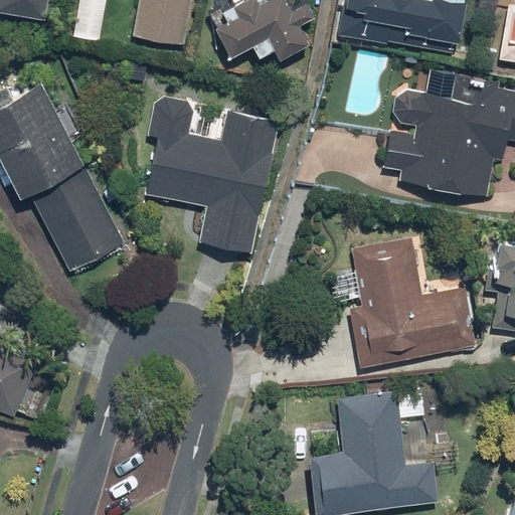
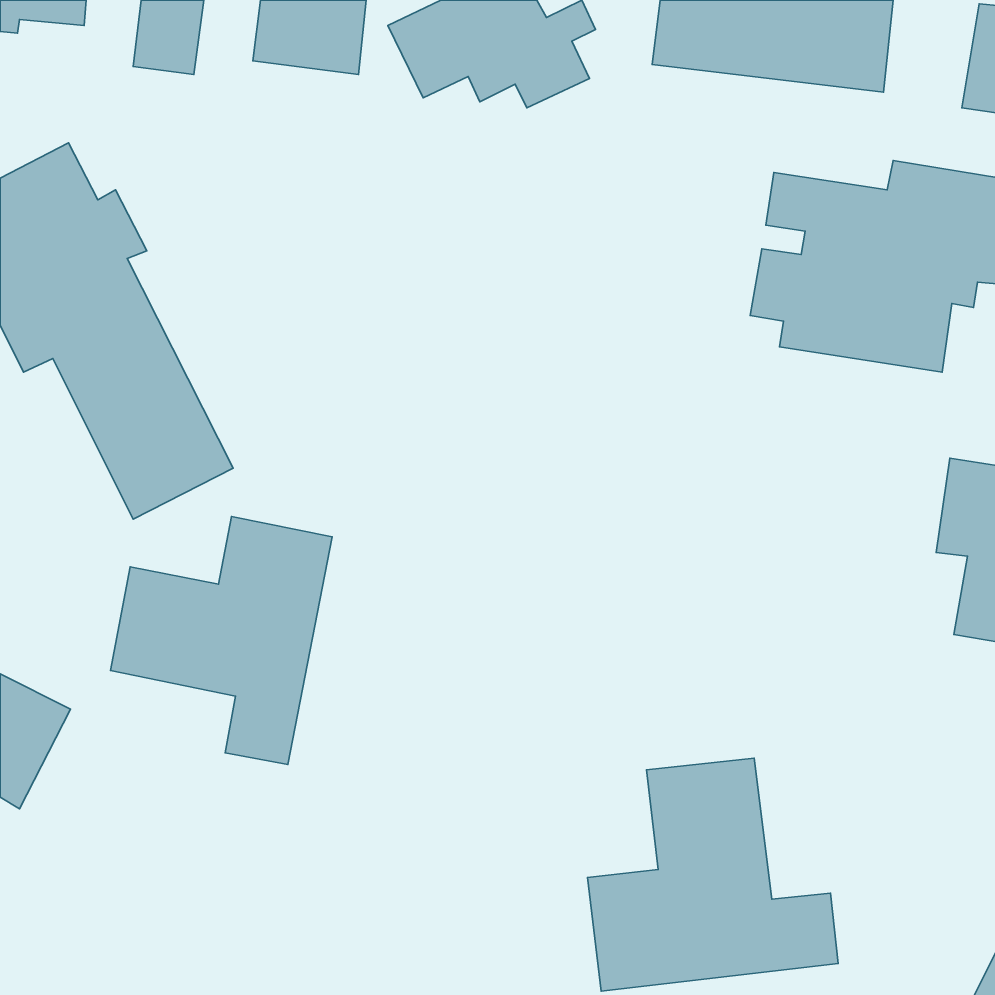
building: [141,96,278,250] -> none
building: [347,238,477,368] -> none
building: none -> [111,516,332,765]

